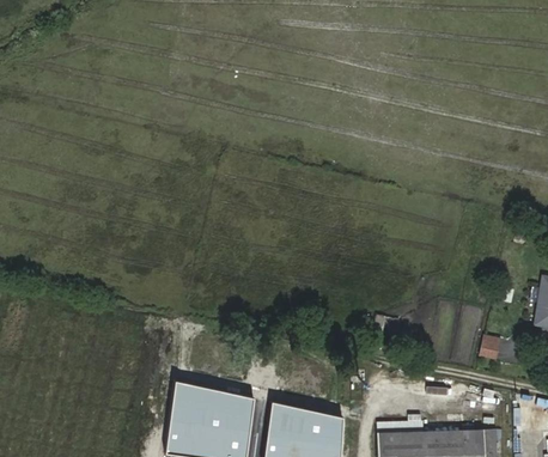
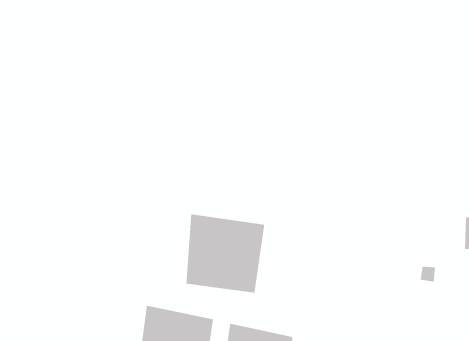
building: none -> [186,213,265,293]

